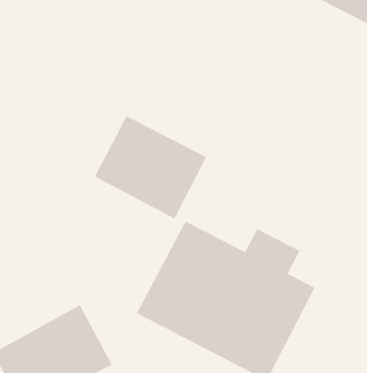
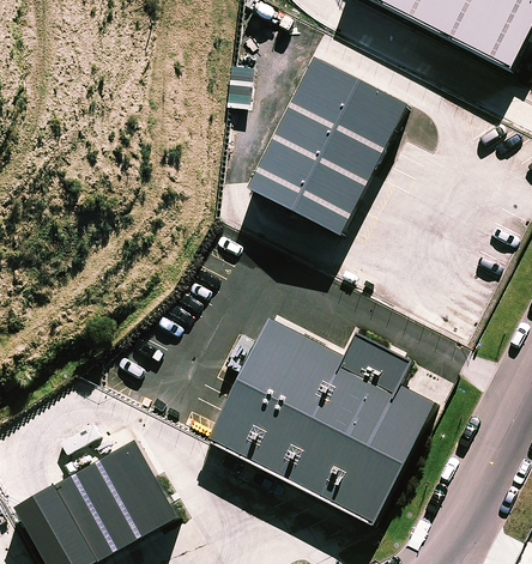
building: none -> [242,55,403,232]
building: [94,115,207,219] -> none

